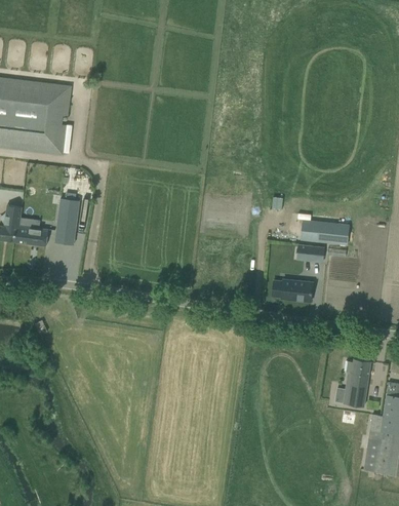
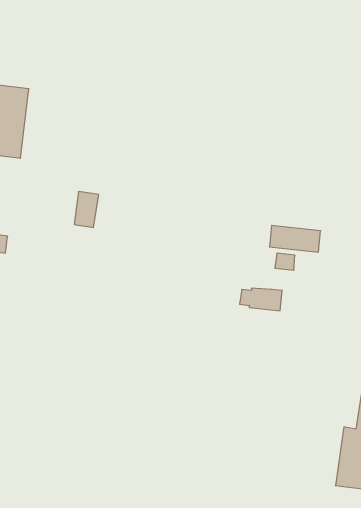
building: [56,197,80,232] -> [74,191,99,228]
building: [344,357,371,404] -> none

